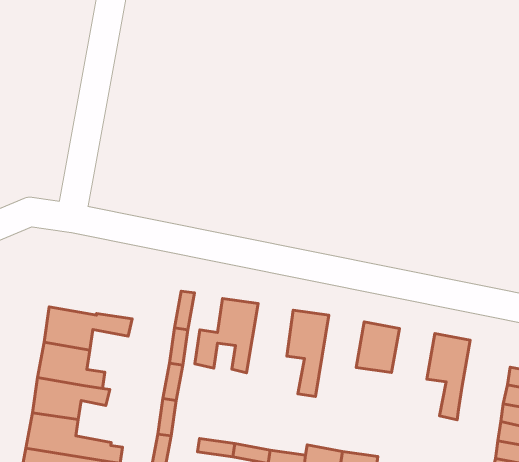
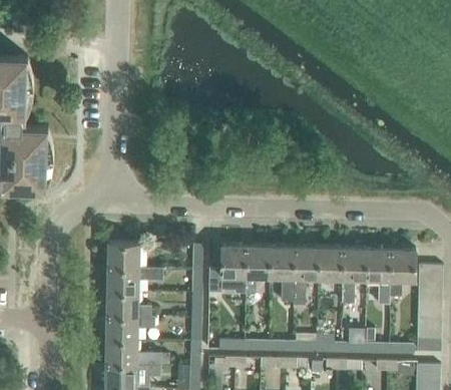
building: none -> [107,243,139,269]
building: none -> [245,246,270,293]
building: none -> [293,247,318,305]
building: none -> [341,249,366,304]
building: none -> [389,250,415,297]

